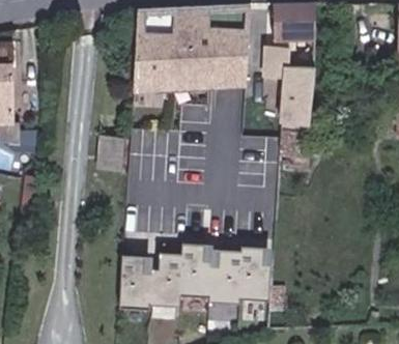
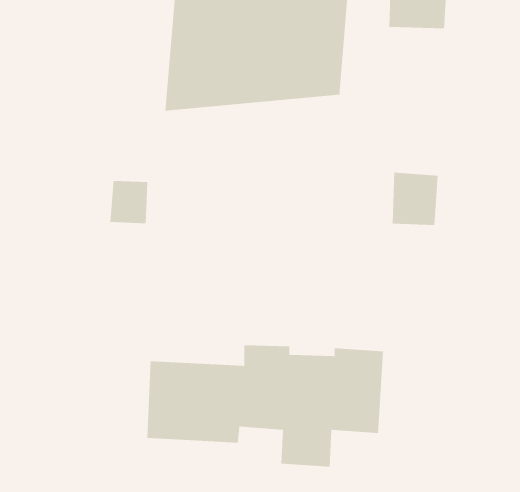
building: [260,47,311,123] -> none

